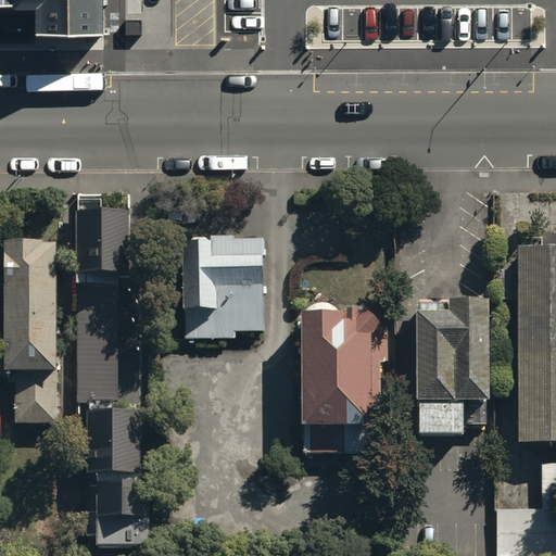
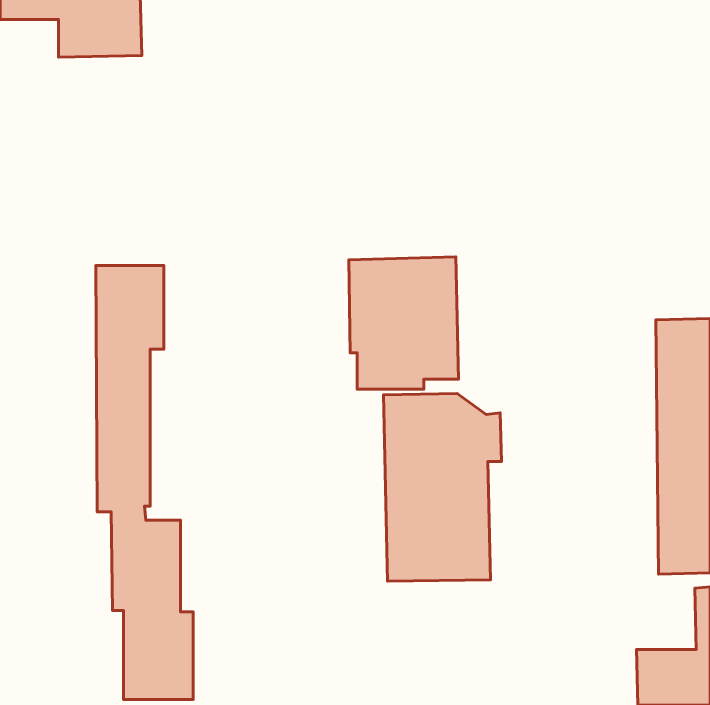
building: [179,233,265,337] -> [349,257,459,389]
building: [8,242,60,419] -> none
building: [417,296,491,433] -> none

